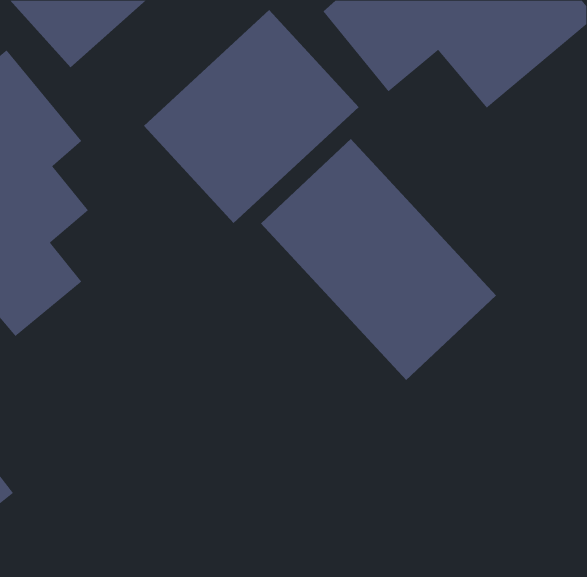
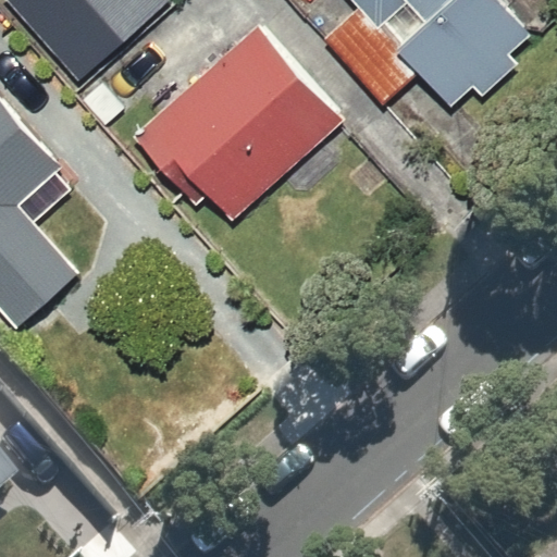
building: [260,138,497,381] -> none

